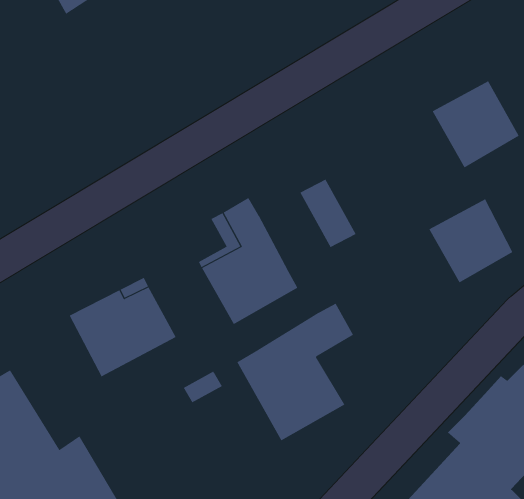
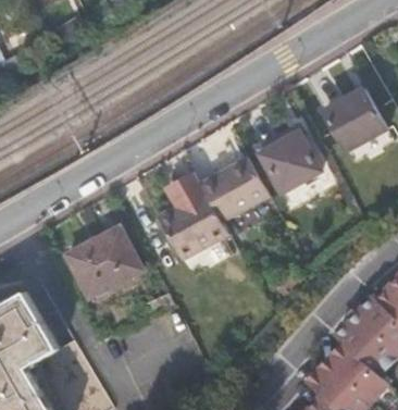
building: none -> [200,166,250,222]
building: [428,198,513,283] -> [259,129,319,189]
building: [237,303,354,441] -> none

